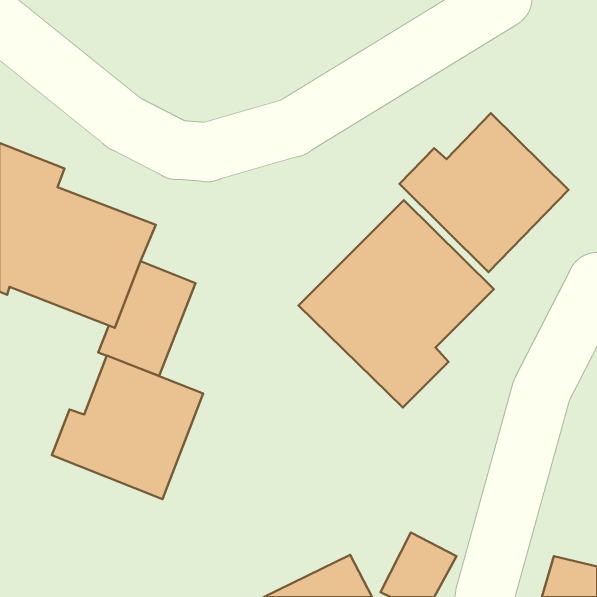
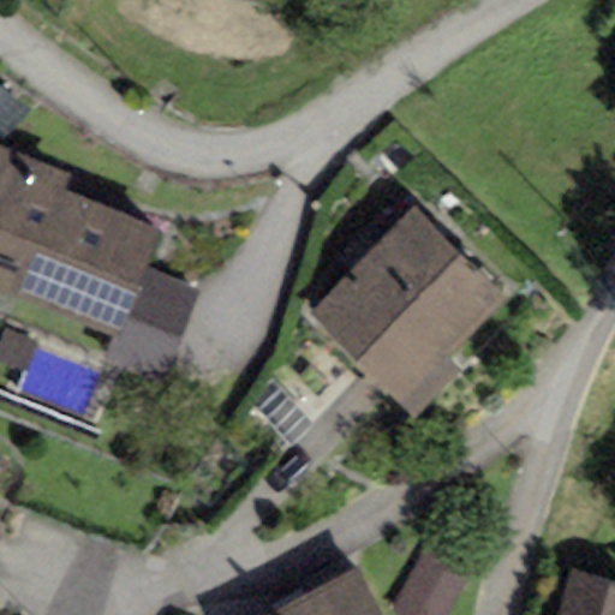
building: [400,113,569,272] -> none
building: [52,356,203,499] -> none

